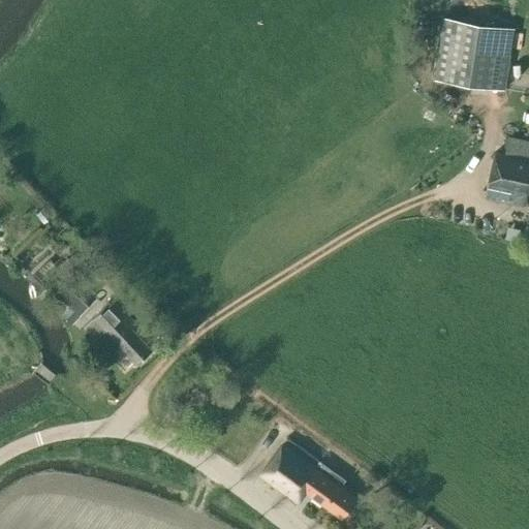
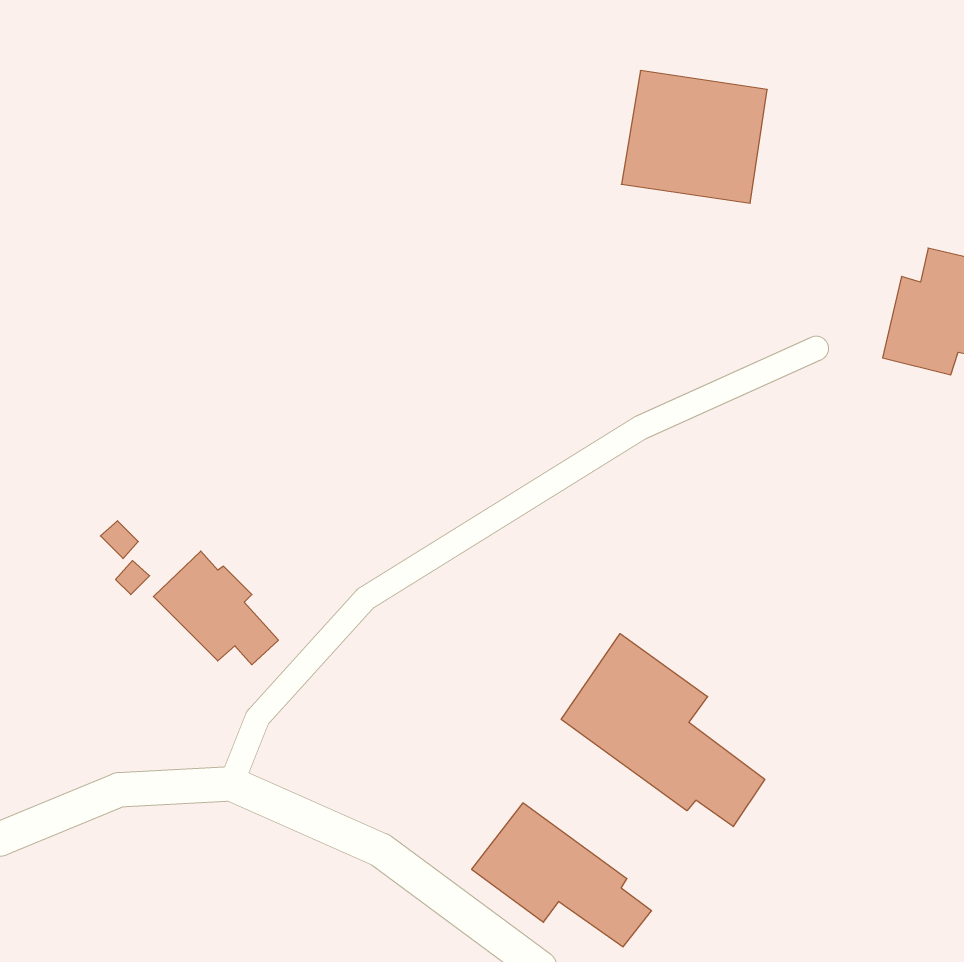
building: [436,20,516,92] -> [621,71,767,203]
building: none -> [561,634,765,827]

